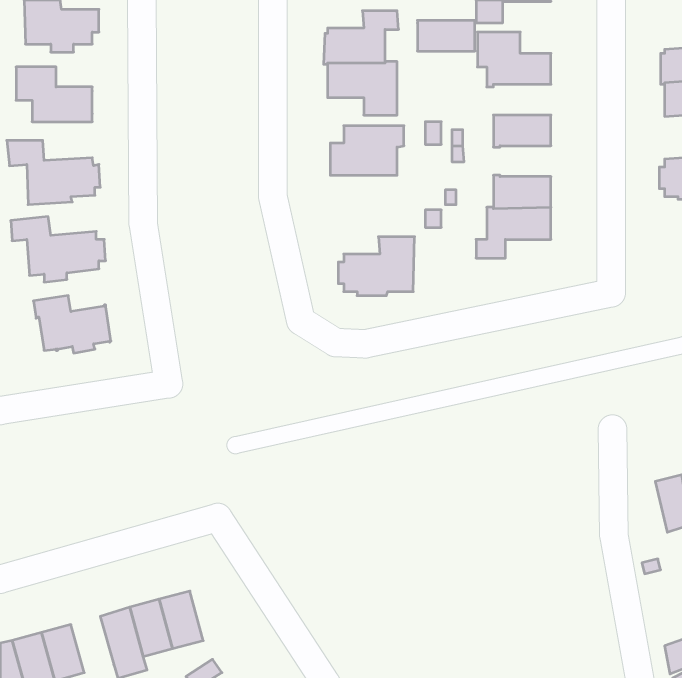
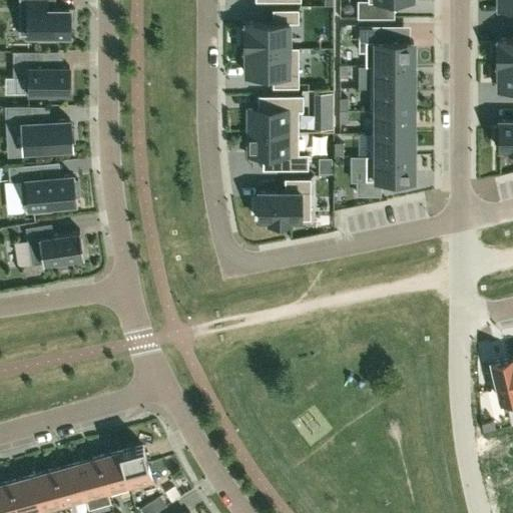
building: [417,20,475,51] -> [371,67,414,90]
building: none -> [376,113,414,136]
building: none -> [248,135,309,172]
building: none -> [54,466,86,508]

